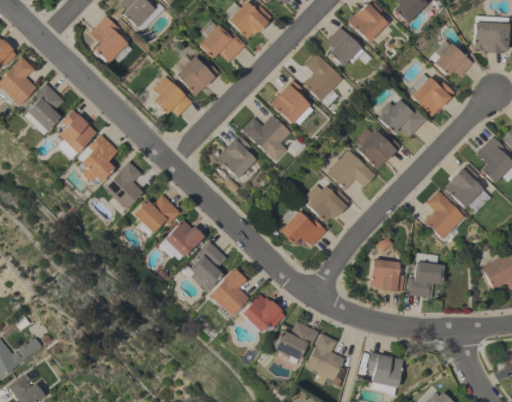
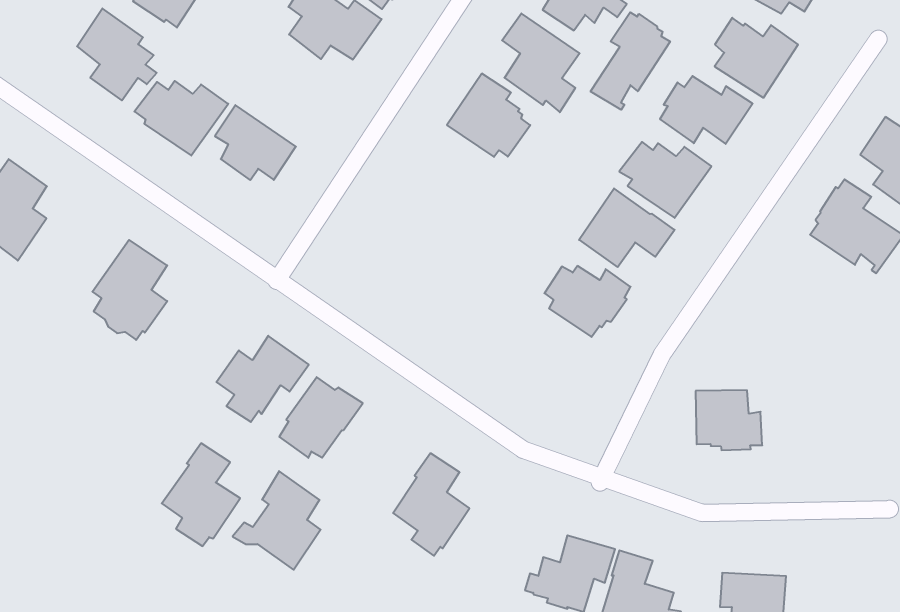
building: [172,55,220,95] -> [134,81,228,156]
building: none -> [591,12,670,110]
building: [57,109,97,160] -> none
building: [243,115,291,161] -> none
building: [217,134,256,178] -> none
building: [104,161,144,213] -> [162,443,240,546]
building: [425,190,465,239] -> none
building: [280,207,327,245] -> none
building: [180,240,227,291] -> [233,471,321,570]
building: [407,253,445,297] -> none
building: [242,293,286,335] -> none

